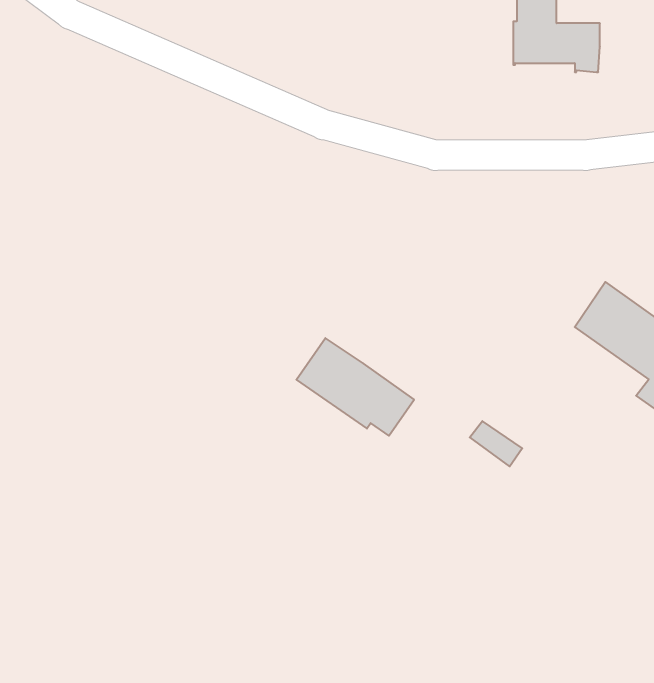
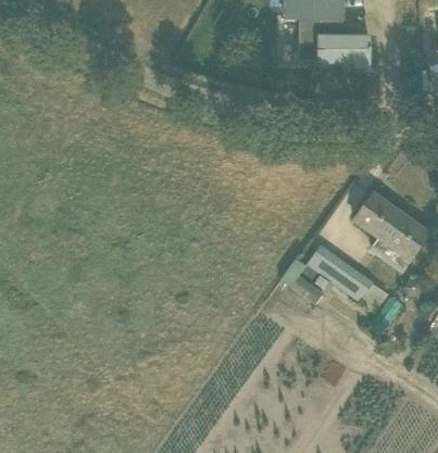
building: [296,338,414,436] -> [302,244,373,303]

